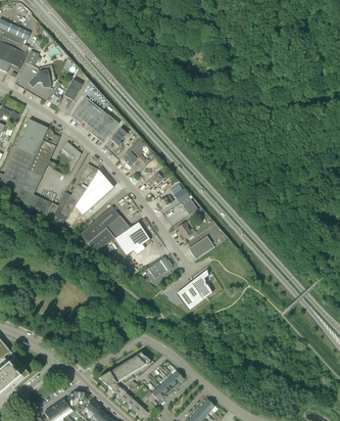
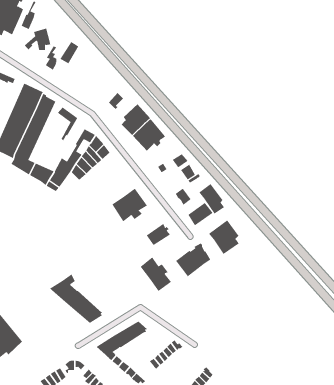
building: [69,96,117,142] -> none
building: [79,205,126,251] -> none
building: none -> [198,183,225,214]
building: none -> [208,220,239,255]
building: none -> [140,256,172,292]
building: none -> [49,274,104,324]

